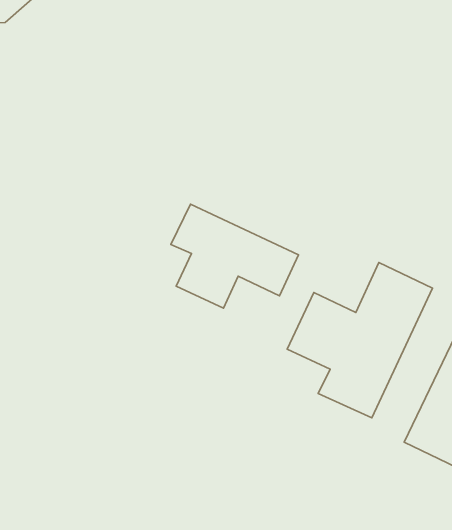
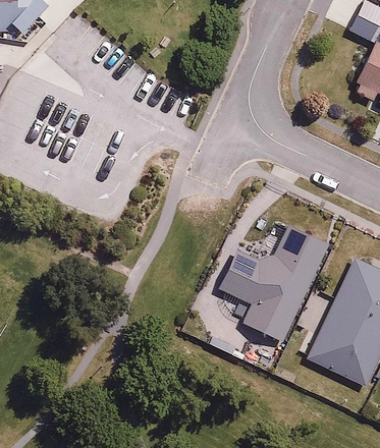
building: [171,204,298,308] -> none

